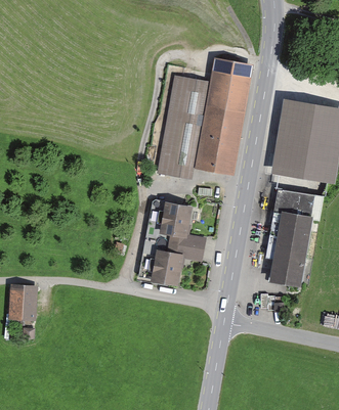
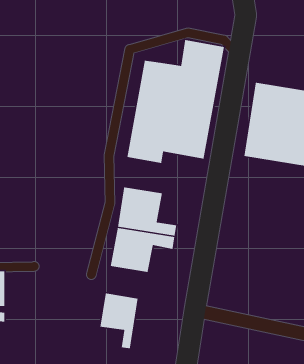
building: [263,188,323,286] -> none
building: none -> [100,293,138,349]

